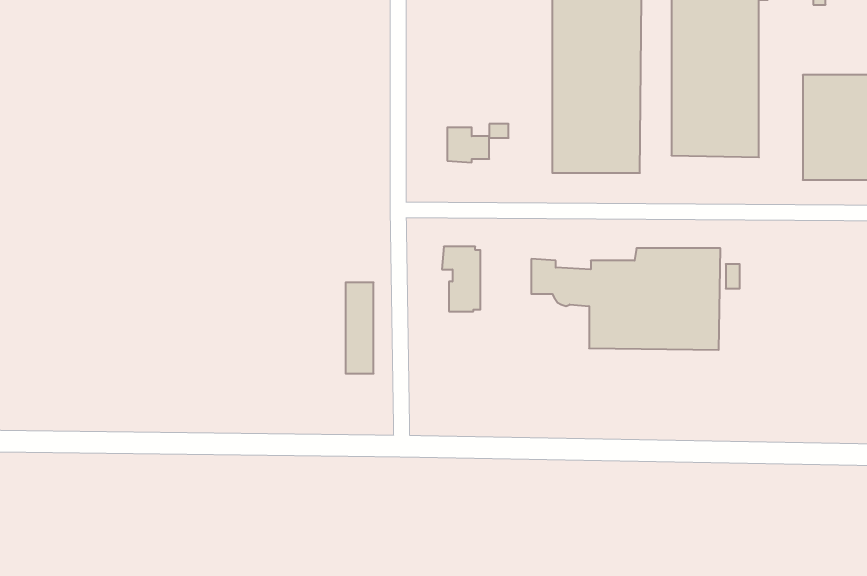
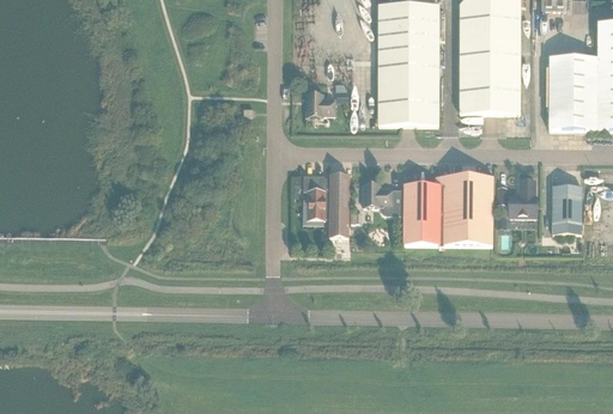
building: none -> [510,179,536,215]
building: none -> [552,184,582,232]
building: [346,282,374,374] -> [329,173,348,236]

